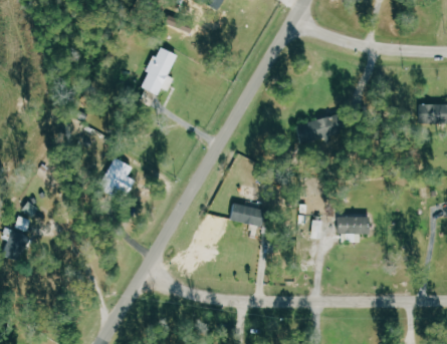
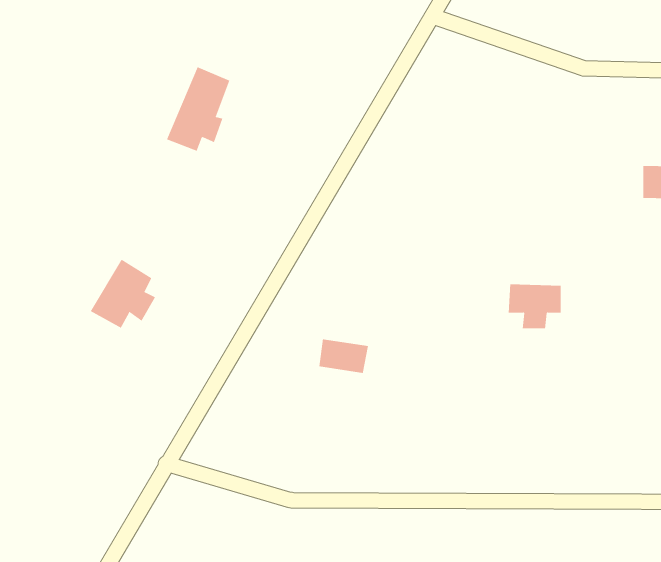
building: [302,115,332,143] -> none
building: [338,216,369,242] -> [508,284,562,329]

